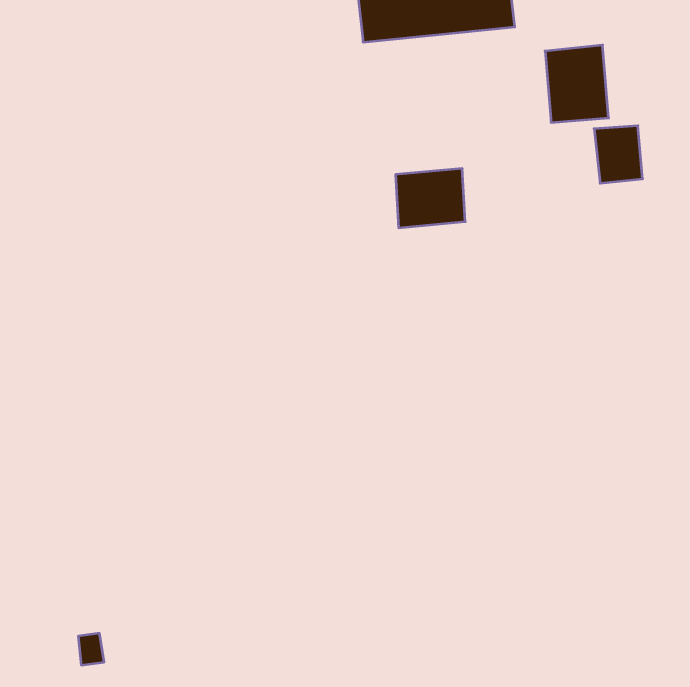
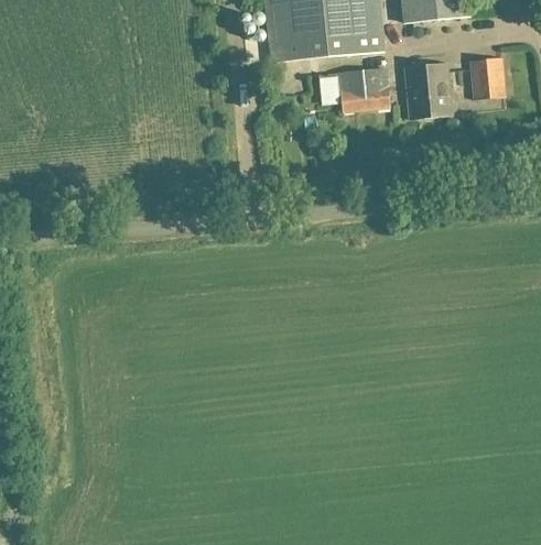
building: [594,126,643,183] -> [467,57,502,99]
building: [396,169,465,228] -> [336,68,387,111]

